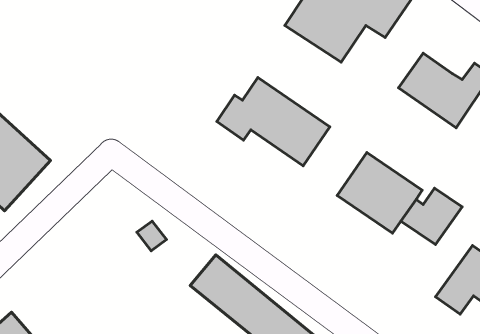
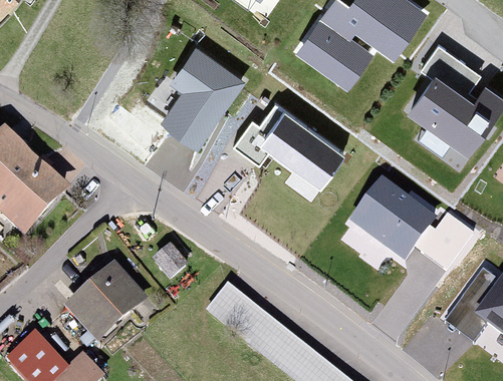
building: none -> [420,47,478,100]
building: none -> [162,50,241,148]
building: none -> [64,264,140,338]

